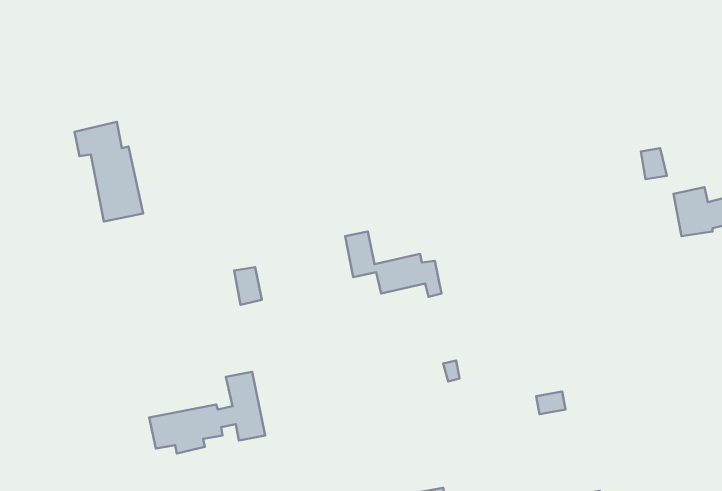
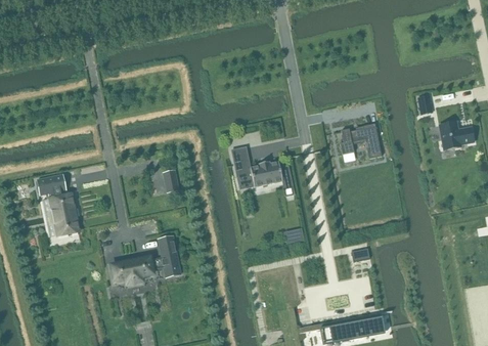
building: [74,122,143,222] -> [36,174,79,236]
building: none -> [340,124,380,159]

